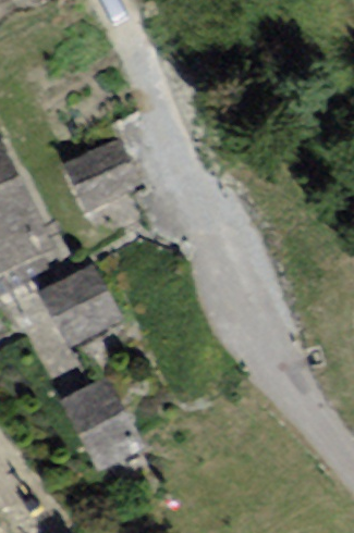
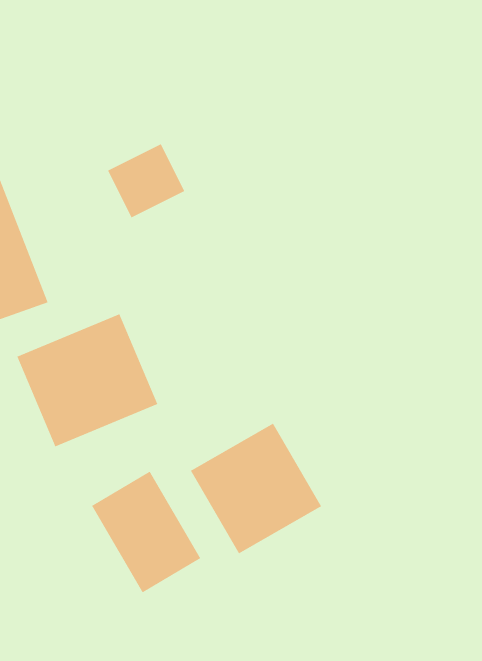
building: none -> [190,423,322,554]

